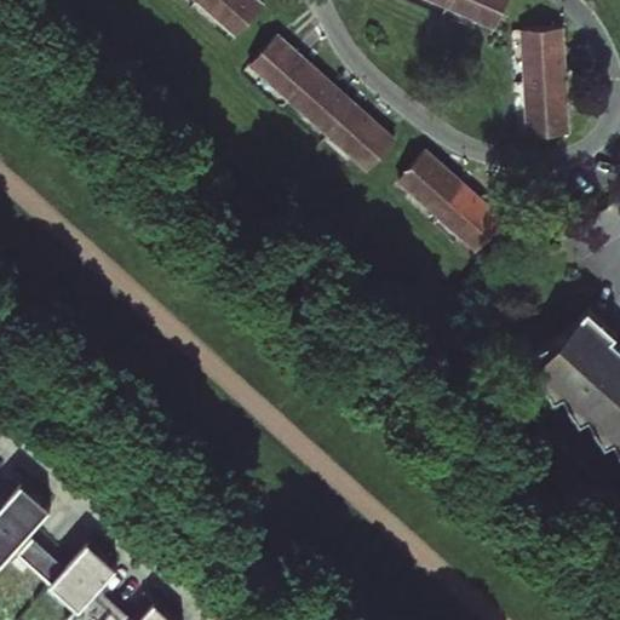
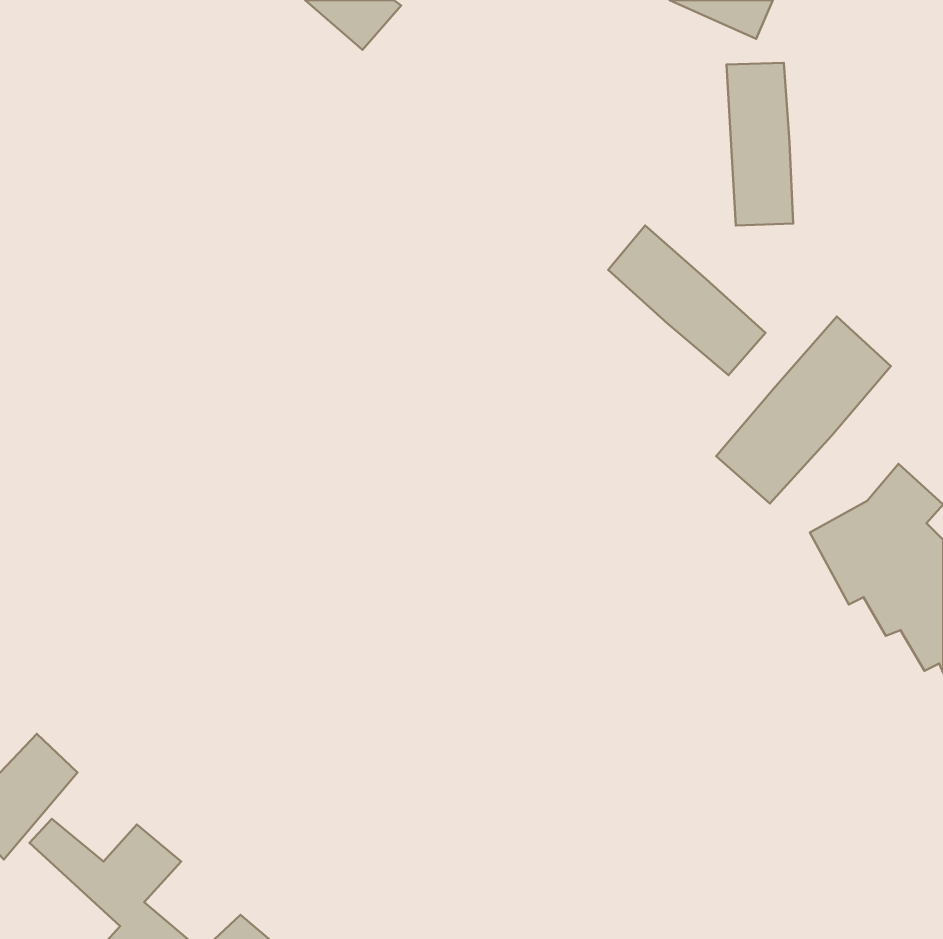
building: [523,29,567,136] -> [727,63,793,225]
building: [251,38,394,170] -> none
building: none -> [716,317,891,504]

